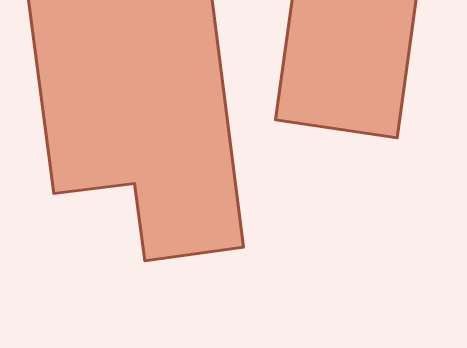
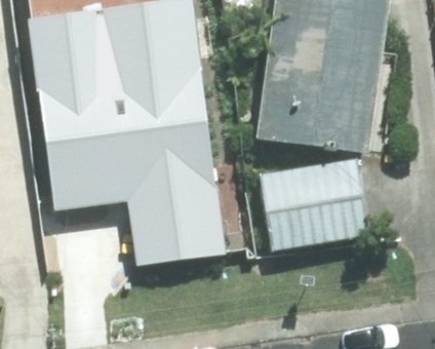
building: none -> [256,159,362,249]

